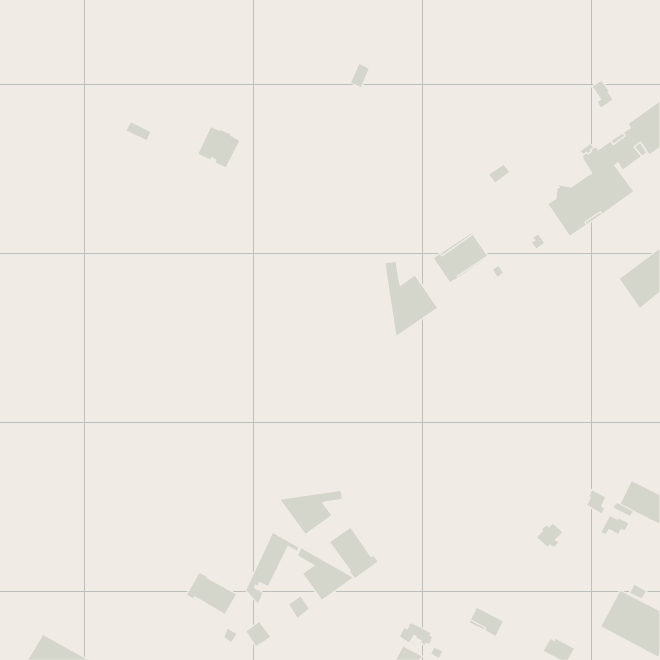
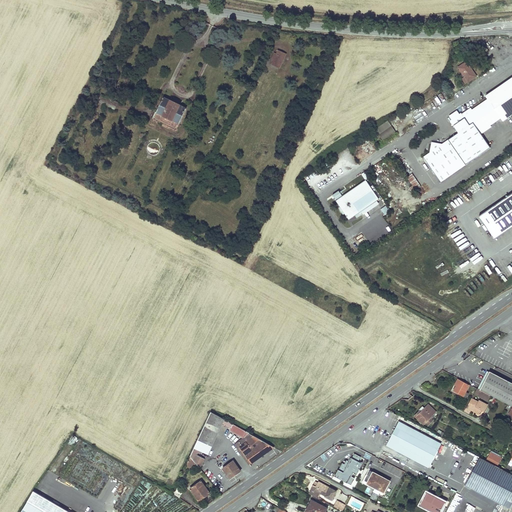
building: [385,261,438,337] -> none
building: [280,490,342,535] -> none
building: [329,527,378,579] -> none
building: none -> [387,422,441,467]
building: [186,572,237,615] -> none

